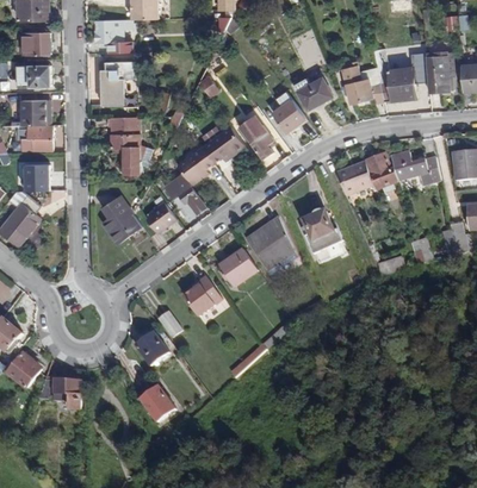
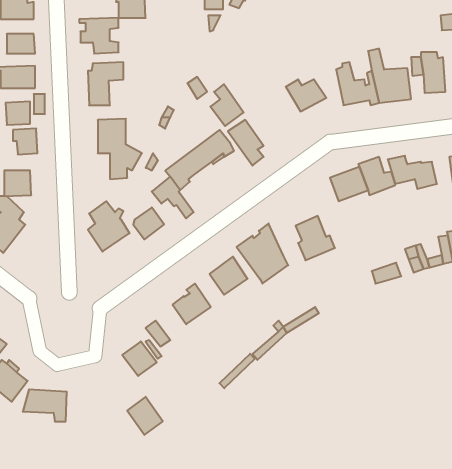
building: [272,90,304,131] -> [210,84,244,126]

